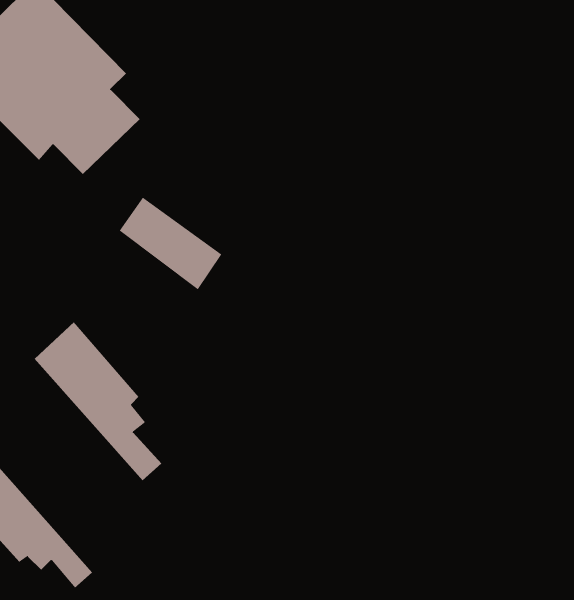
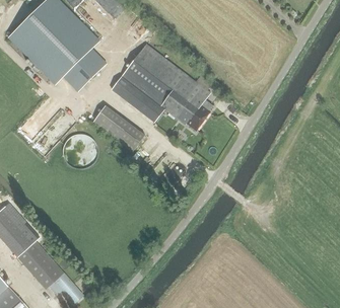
building: none -> [113,47,209,130]
building: [34,322,162,481] -> none

